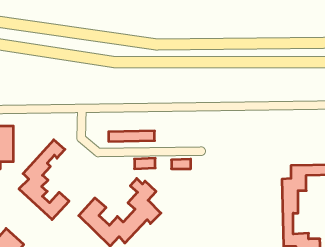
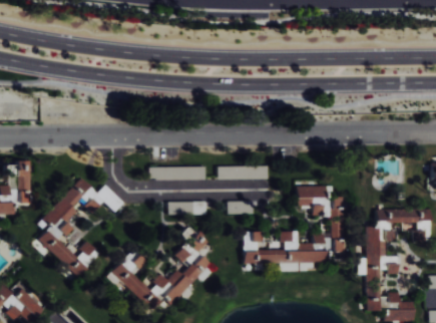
building: none -> [219,166,269,188]
building: none -> [241,185,345,272]

